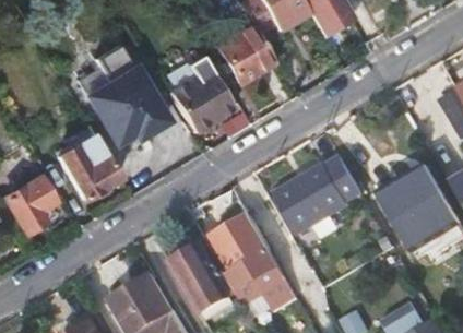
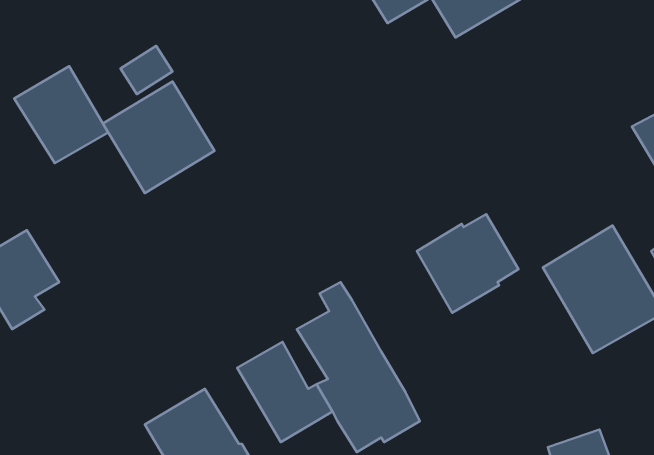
building: [210,23,269,84] -> none
building: [167,73,229,134] -> none
building: [50,135,114,201] -> [14,66,108,163]
building: [273,182,317,236] -> none

